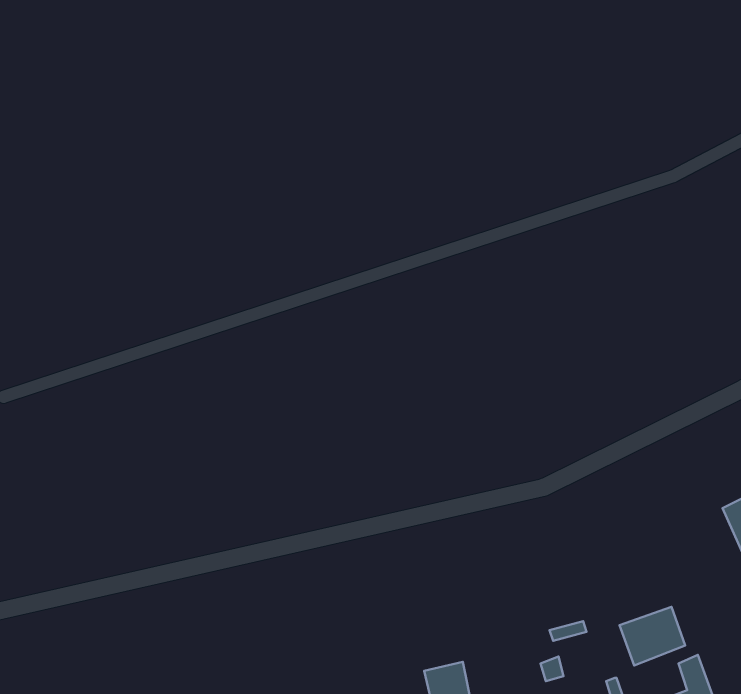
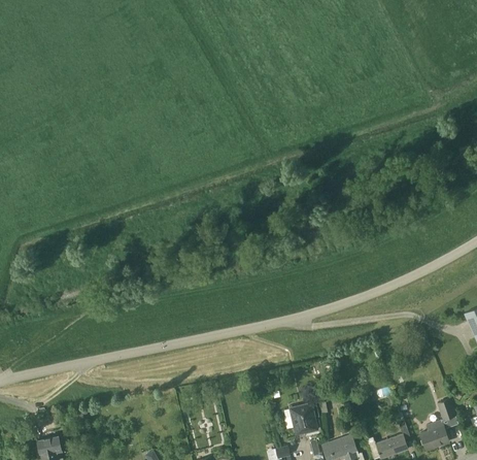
building: [620,607,685,665] -> none

